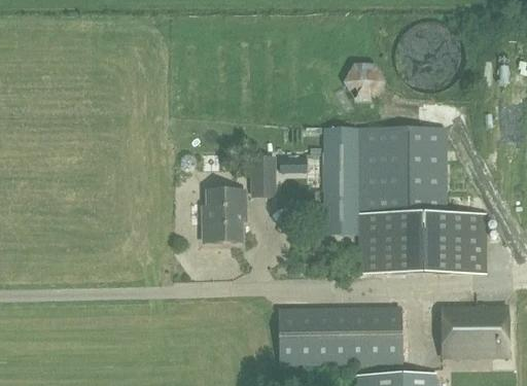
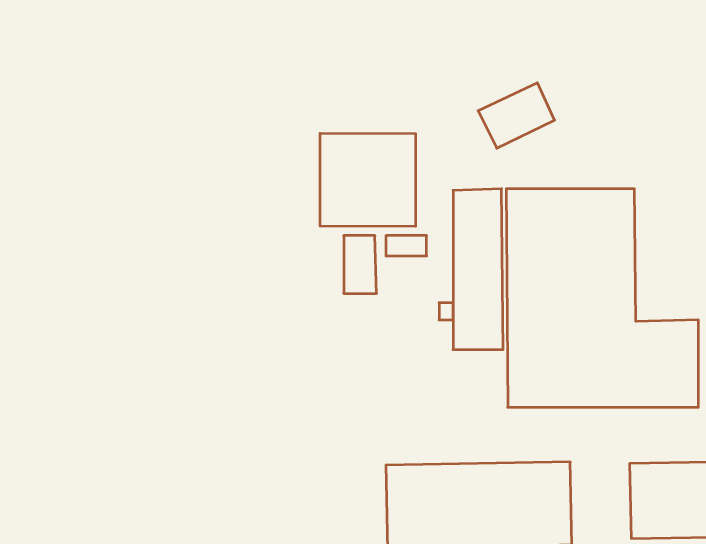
building: none -> [320,133,416,226]
building: [203,189,246,241] -> none

